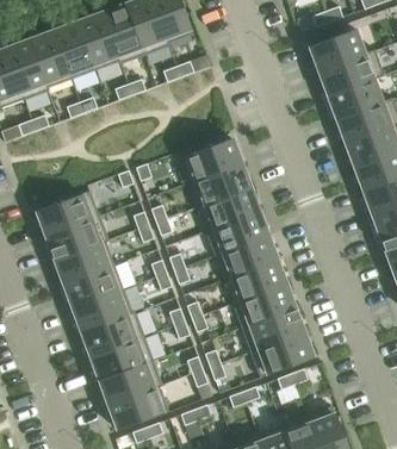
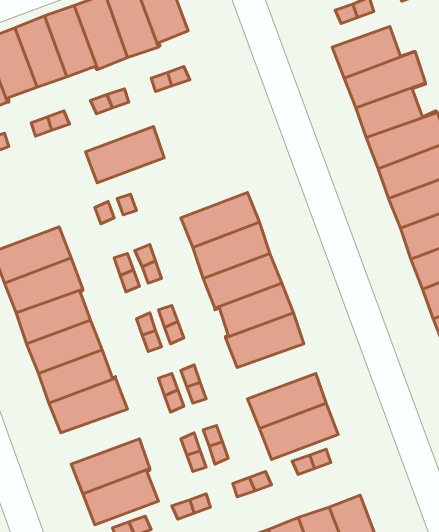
building: [178,137,241,182] -> [85,127,164,183]
building: [232,283,296,328] -> none
building: [91,336,154,380] -> none

